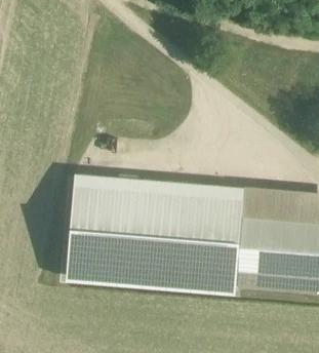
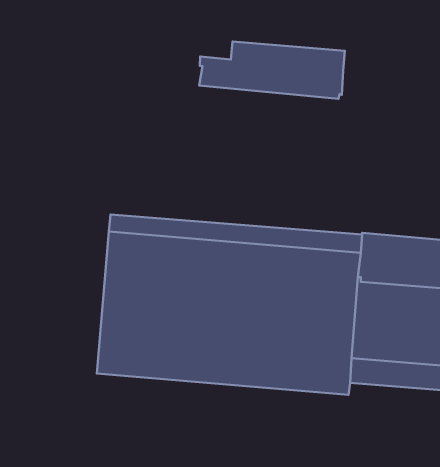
building: none -> [199,41,345,99]

